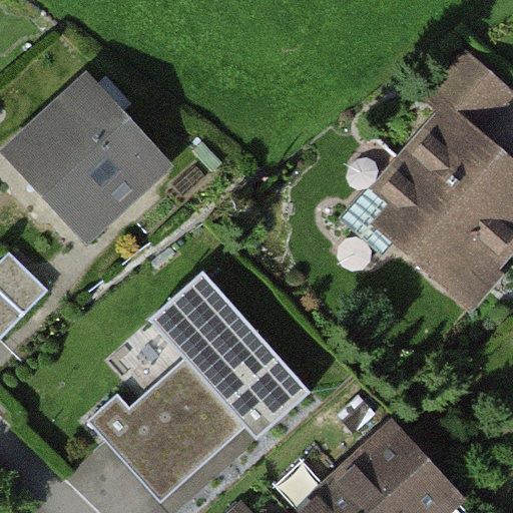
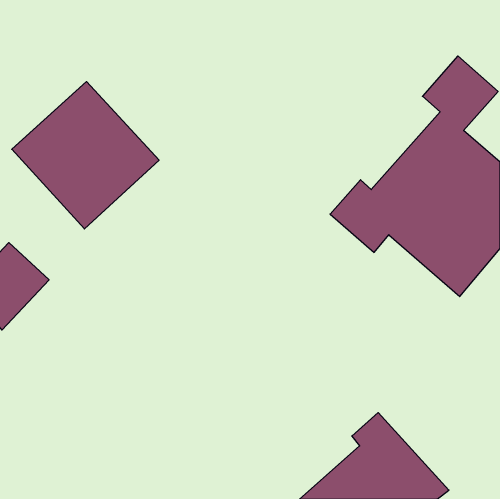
building: [88,271,312,500] -> none

